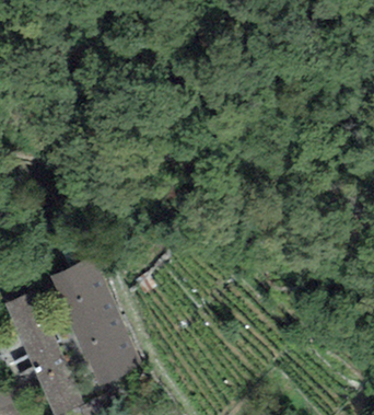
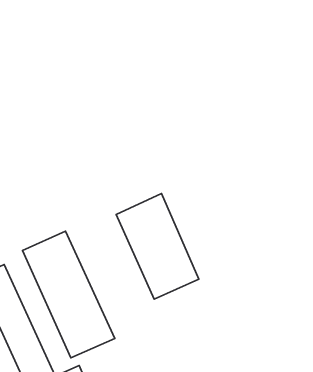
building: none -> [116,194,199,299]

